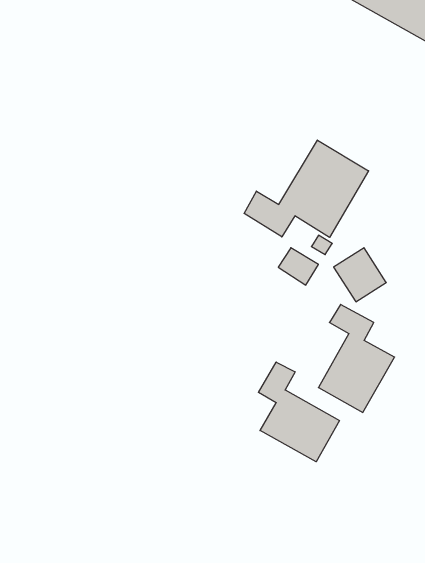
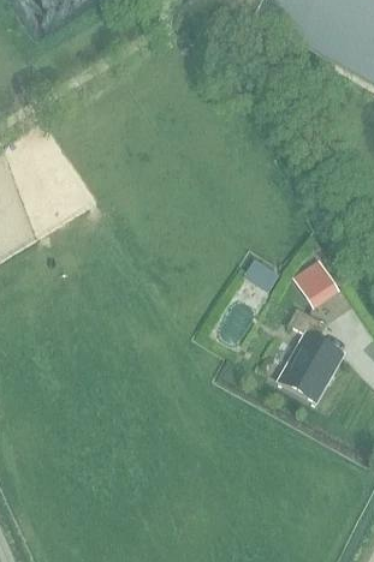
building: [244,140,369,237] -> none
building: [258,362,339,462] -> none

